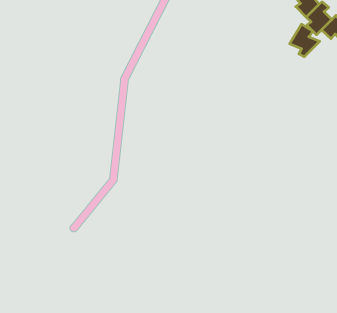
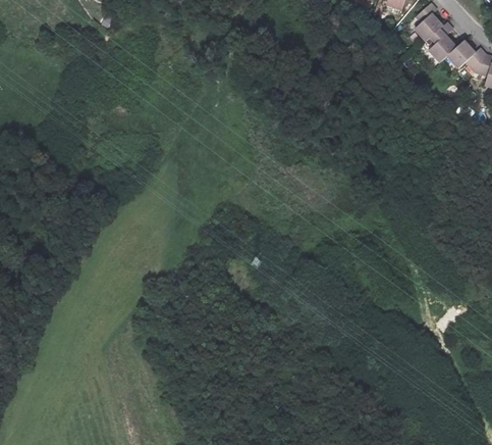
building: [290,24,320,57] -> none

